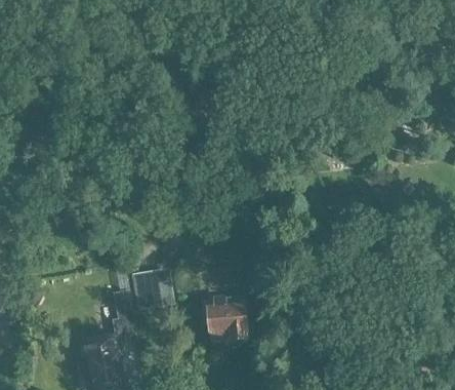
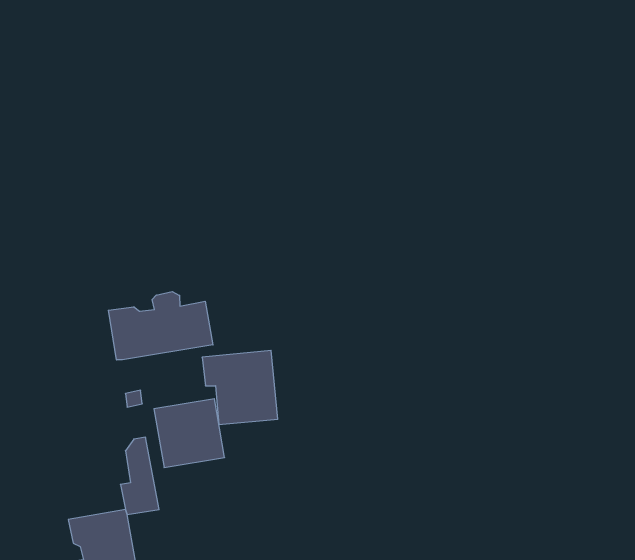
building: none -> [108,292,213,360]
building: [201,298,247,343] -> [202,350,278,424]

